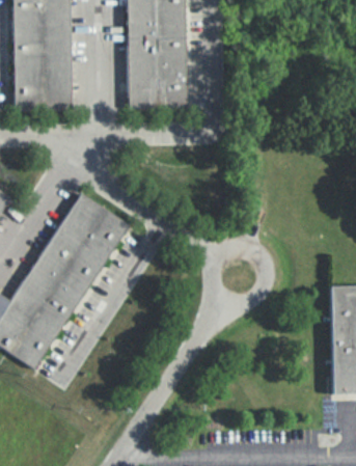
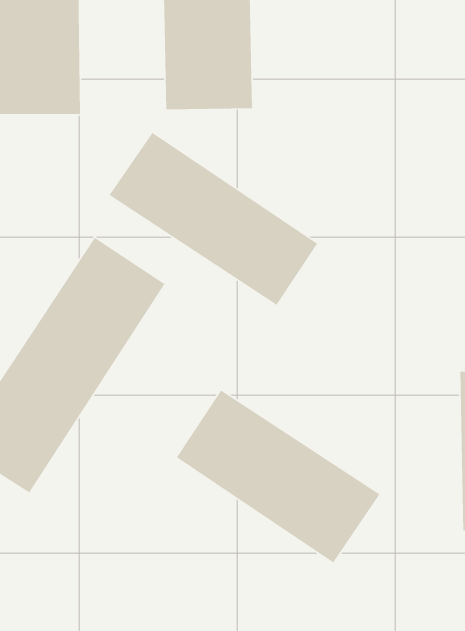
building: none -> [109,132,318,306]
building: none -> [176,389,381,564]

